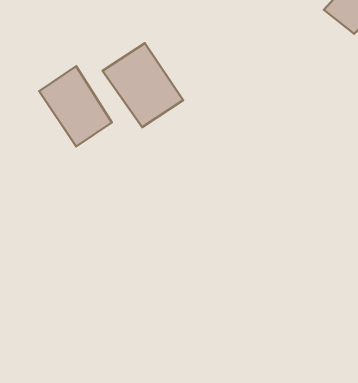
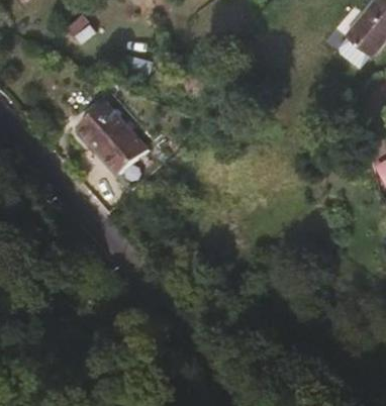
building: [102,43,183,127] -> none

